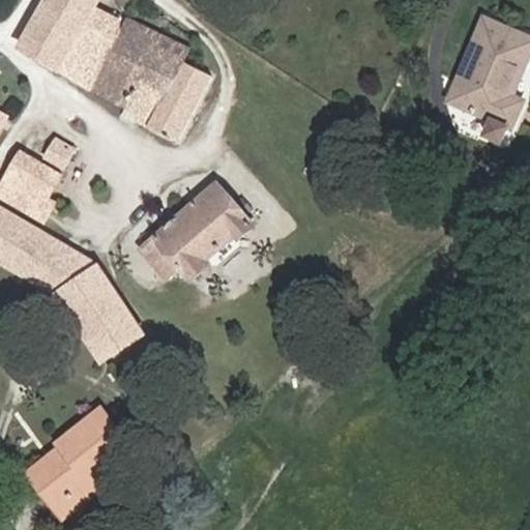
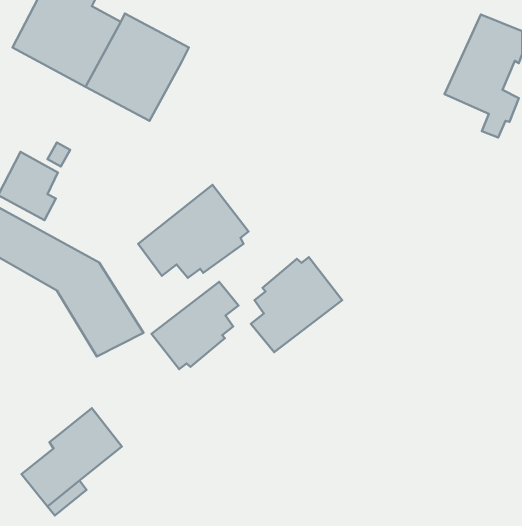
building: [146,62,210,143] -> none
building: none -> [251,257,342,352]
building: none -> [152,282,238,369]

